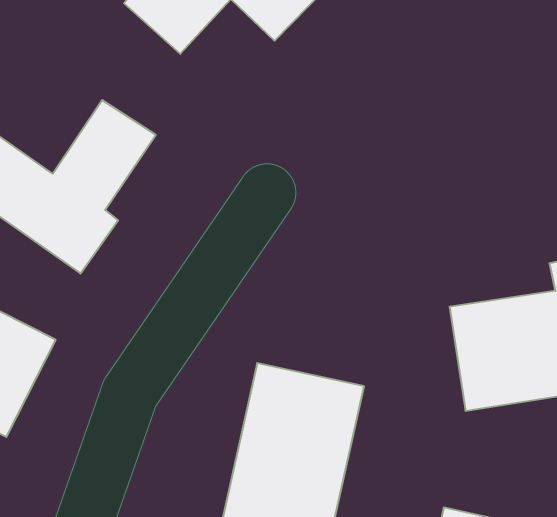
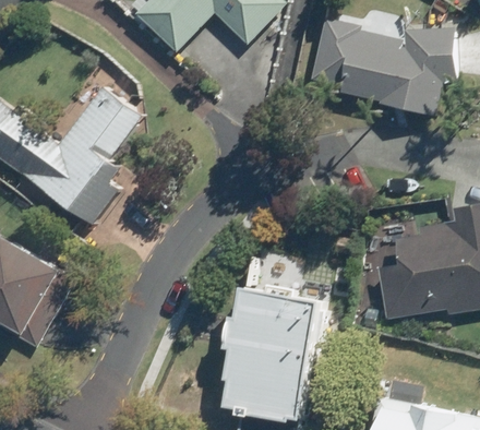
building: none -> [308,22,453,112]

